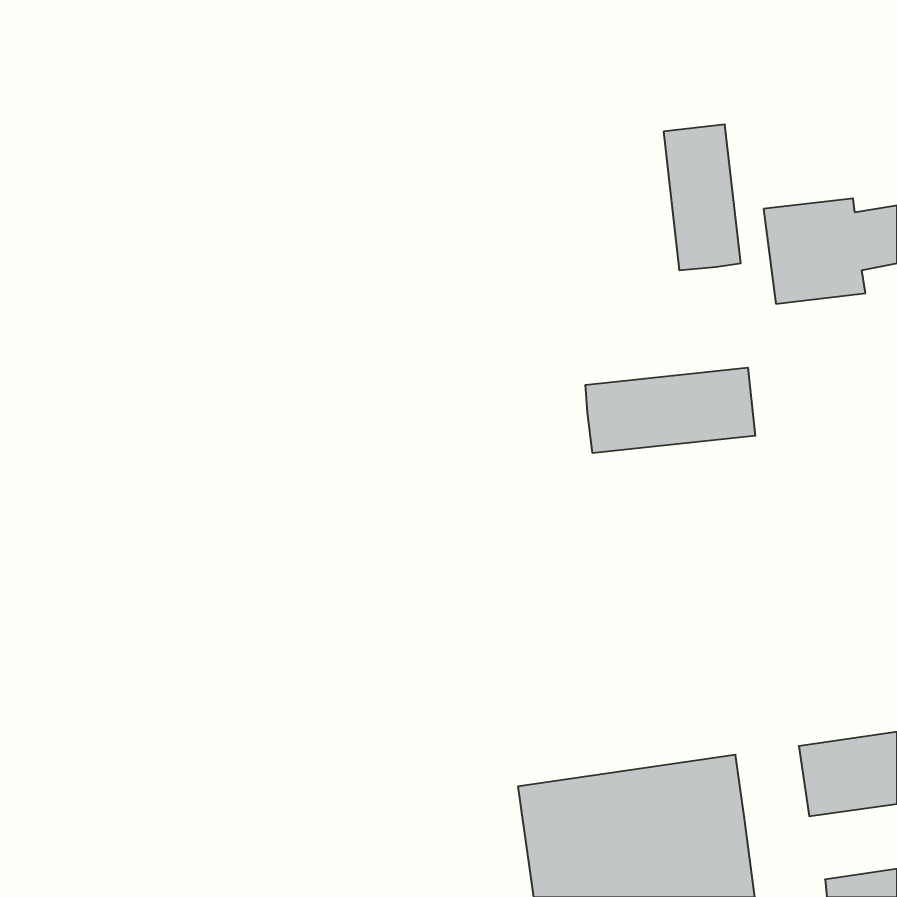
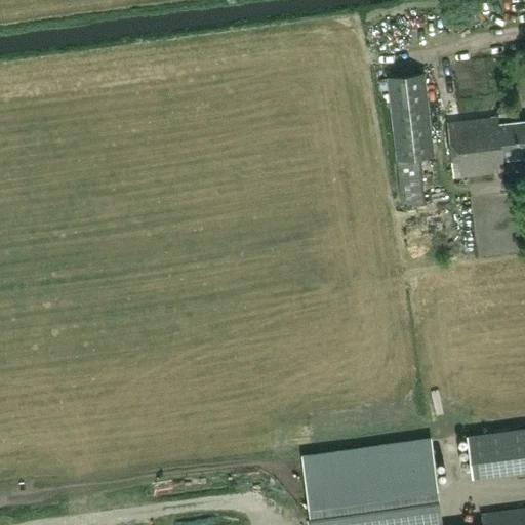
building: none -> [397,156,421,187]
building: [585,368,755,453] -> none

